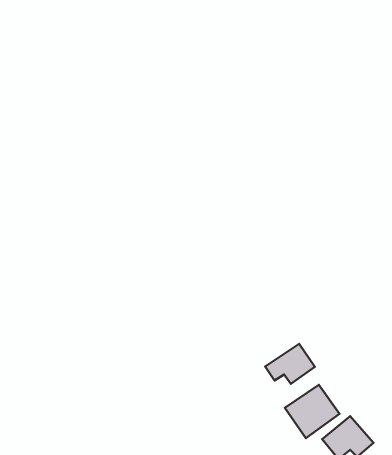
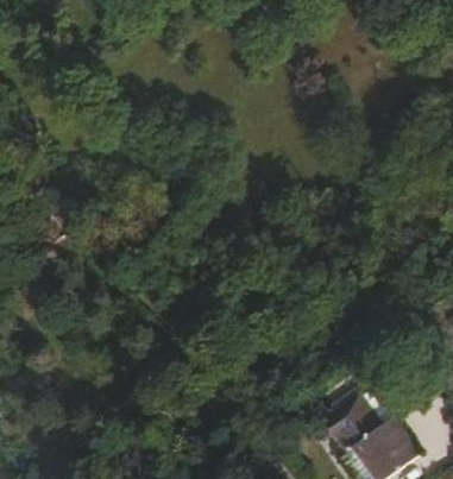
building: [265,344,315,384] -> none

